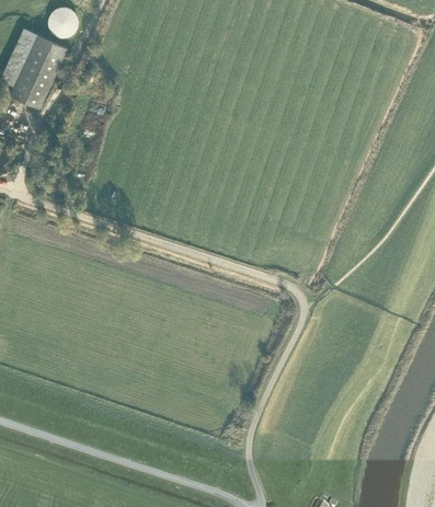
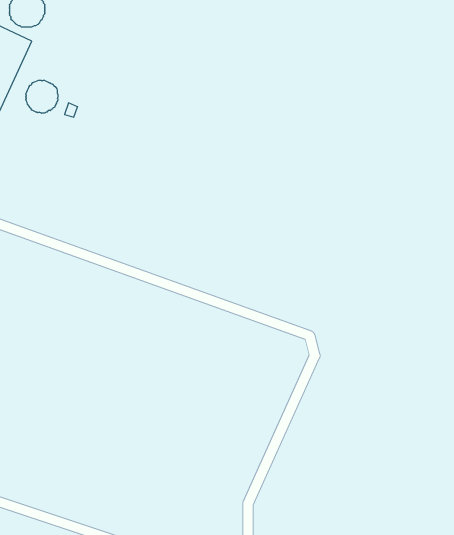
building: none -> [26,80,58,113]

